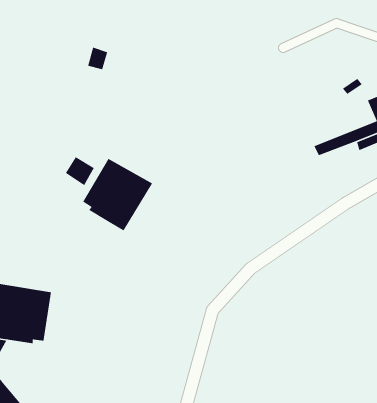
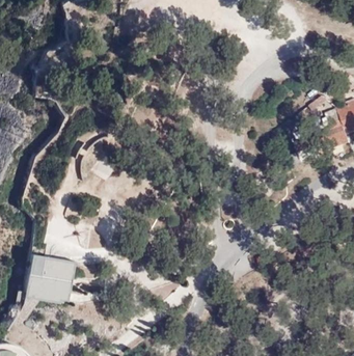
building: [82,158,153,232] -> none

